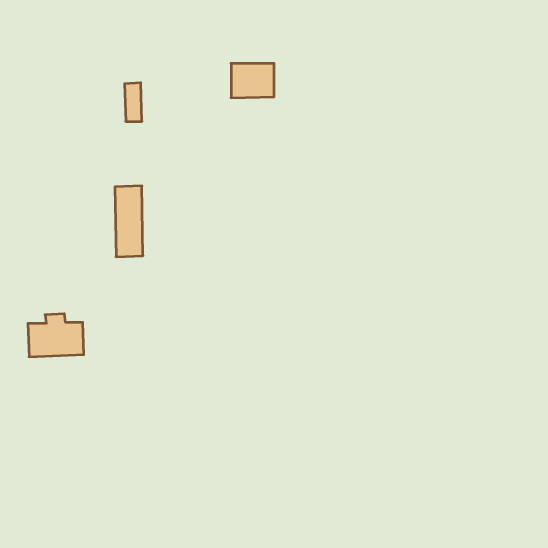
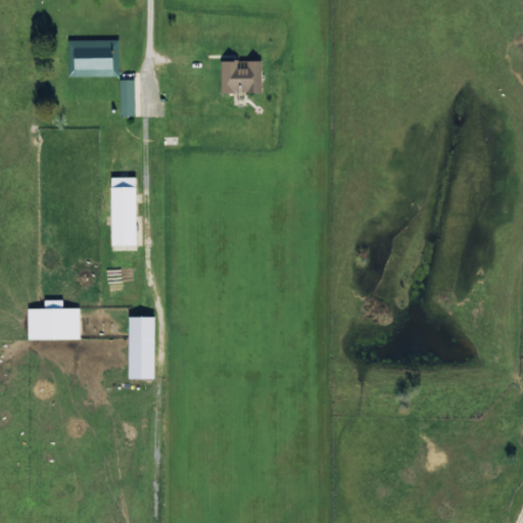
building: none -> [68,40,120,77]
building: none -> [128,316,154,378]

